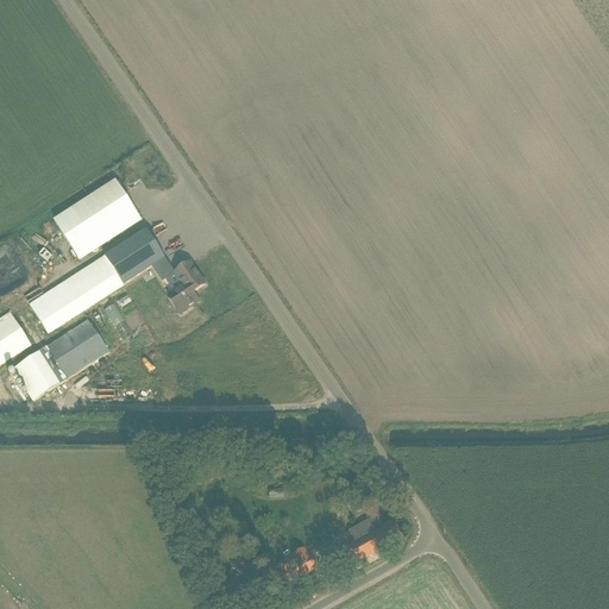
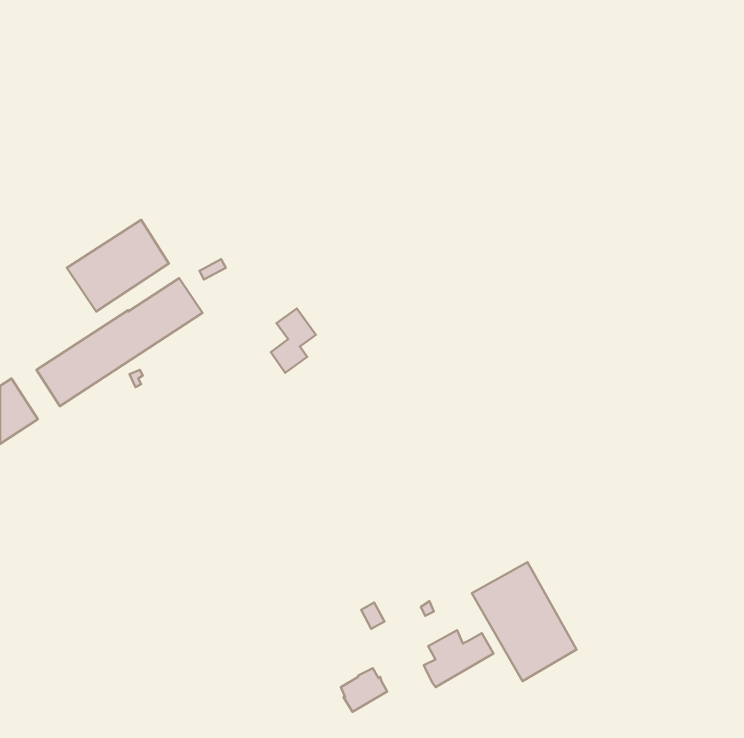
building: [169,259,206,312] -> [271,309,316,373]
building: [12,318,108,398] -> none
building: none -> [472,562,577,681]

